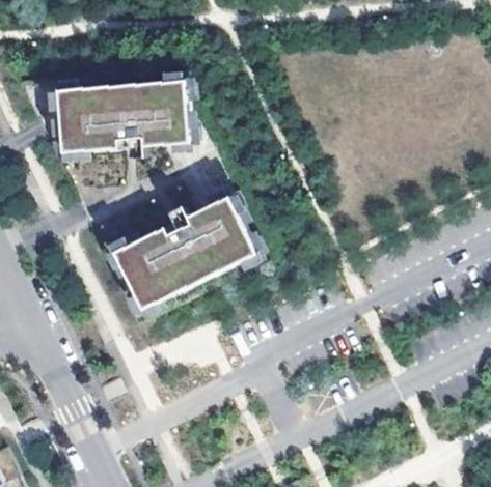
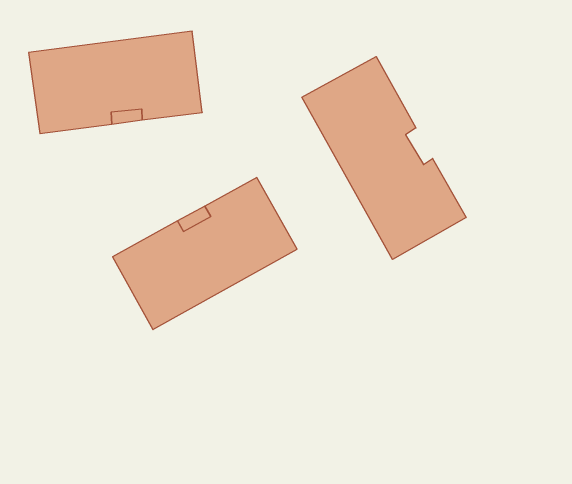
building: none -> [302,57,466,259]

